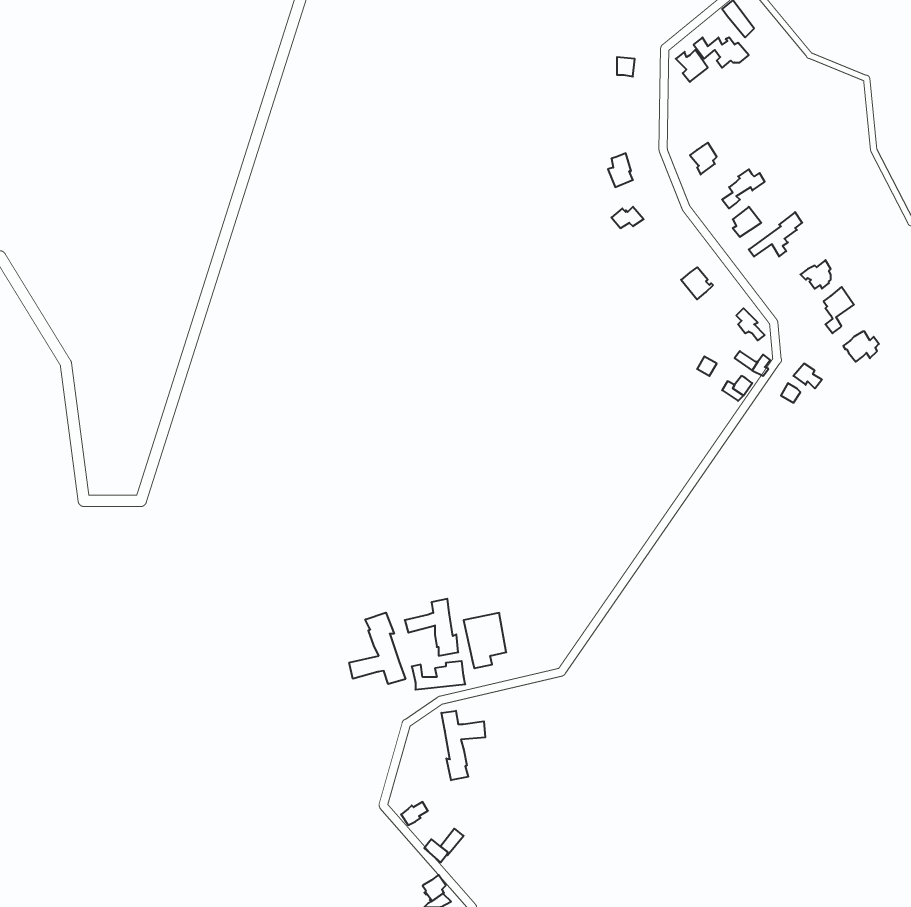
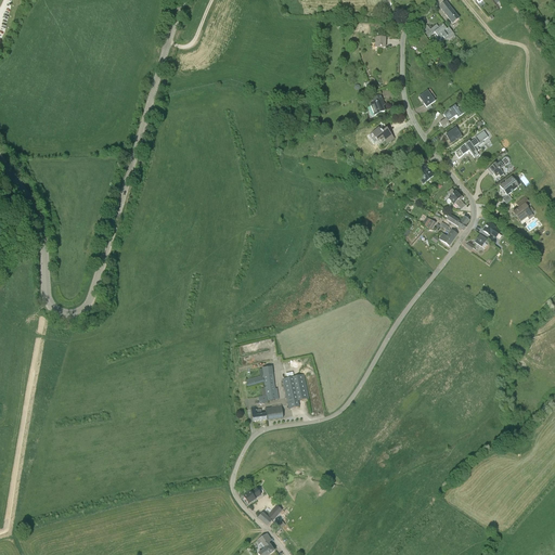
building: [349,613,405,684] -> none
building: [441,711,485,780] -> none

